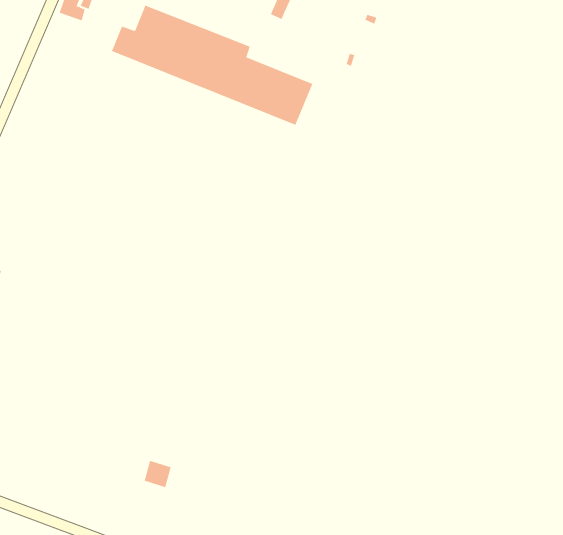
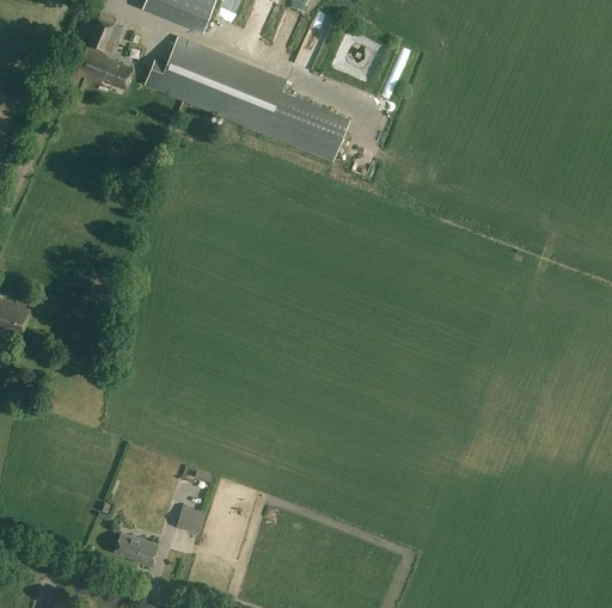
building: none -> [74,47,131,87]
building: none -> [112,532,157,566]

